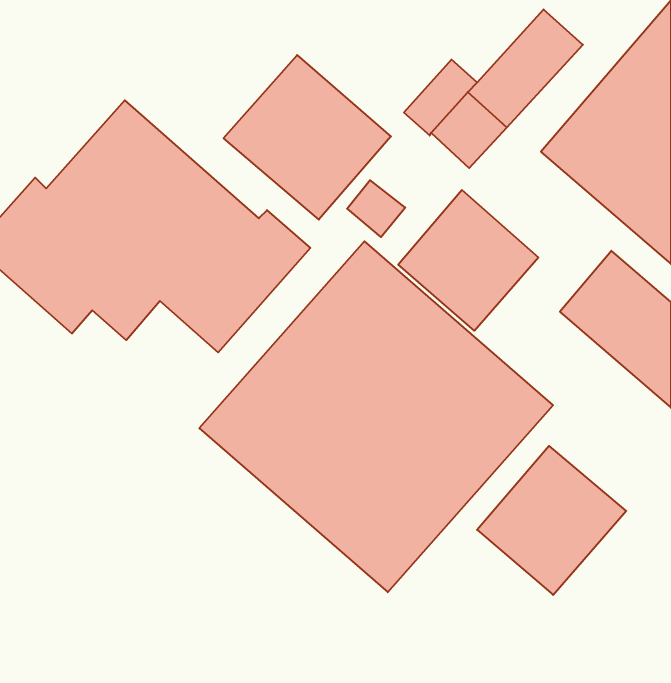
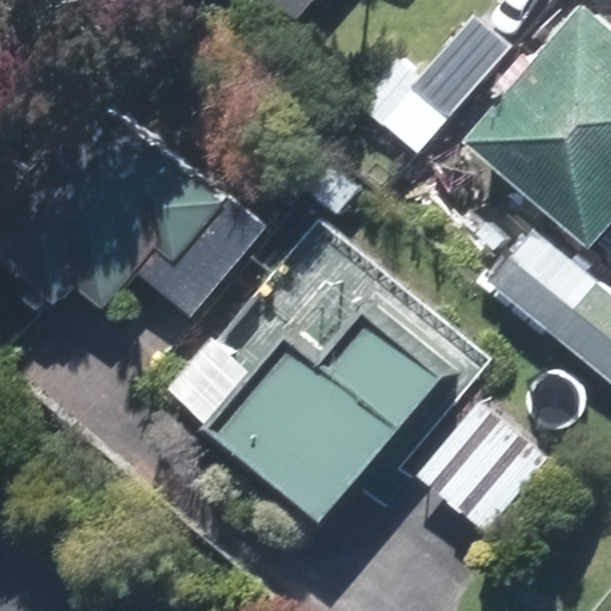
building: [224,55,391,220] -> none
building: [398,190,538,331] -> none

